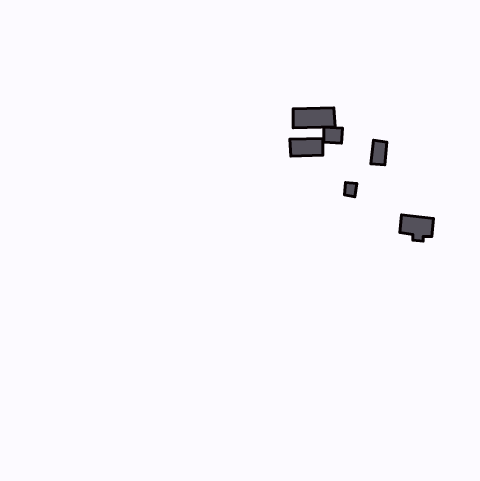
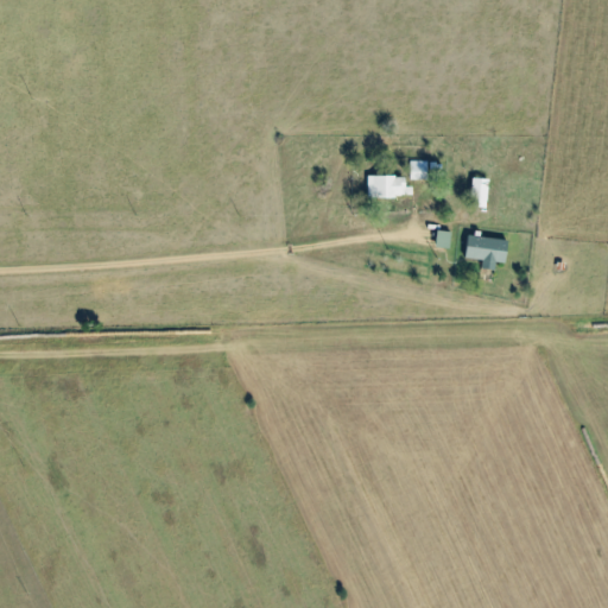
building: [293,108,335,128] -> none
building: [400,215,434,241] -> [464,235,507,268]

